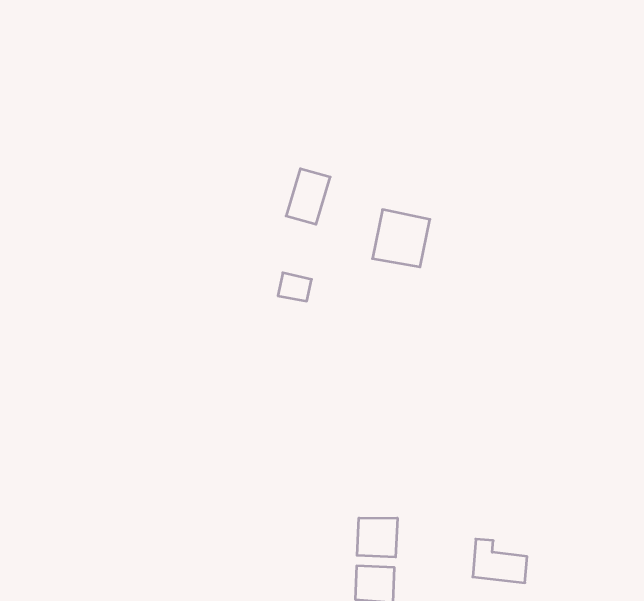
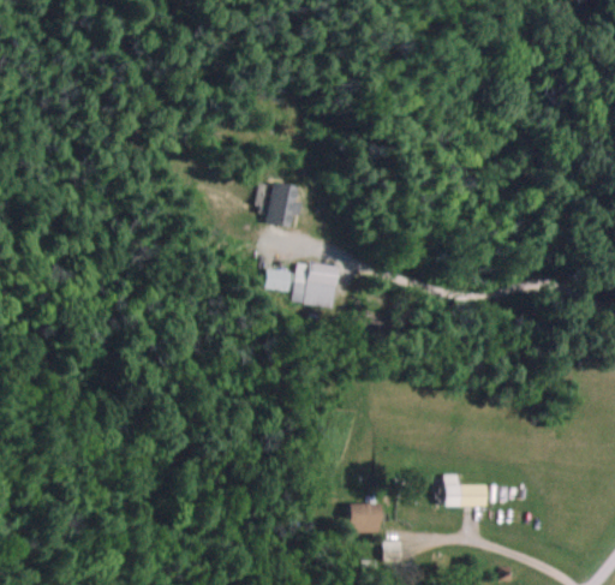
building: [372,210,430,267] -> [293,262,338,306]
building: [357,518,397,557] -> none

